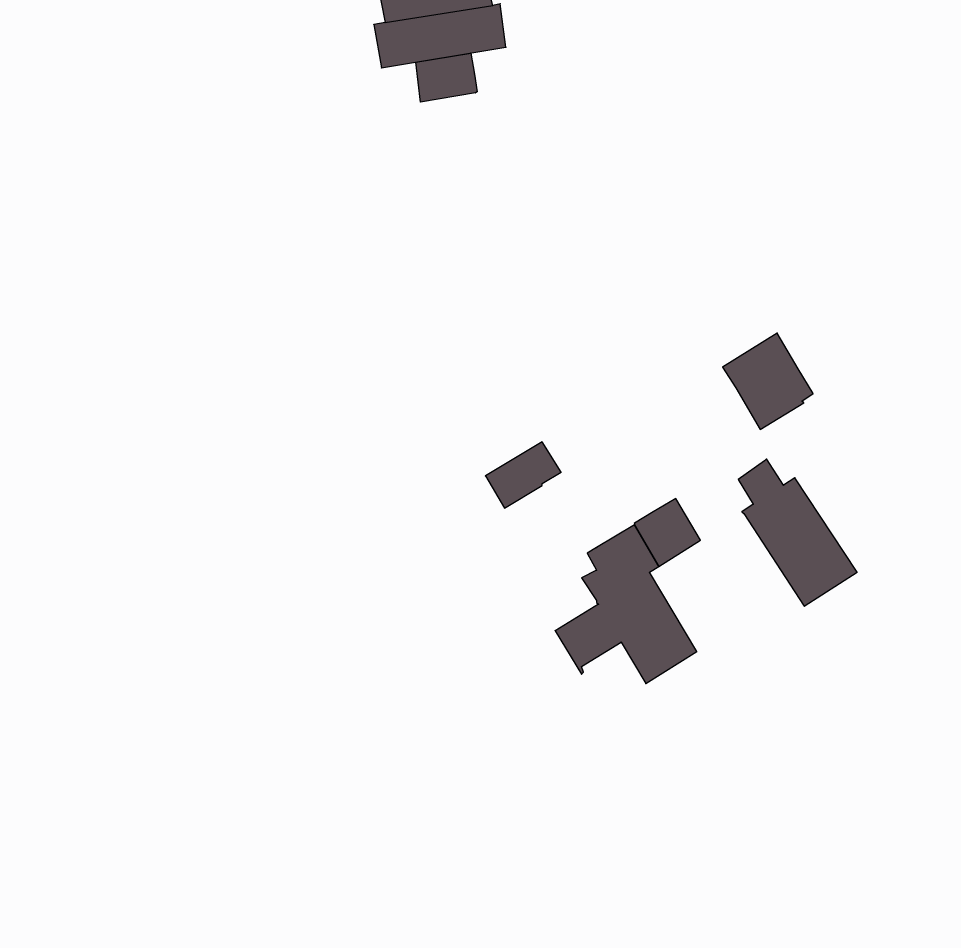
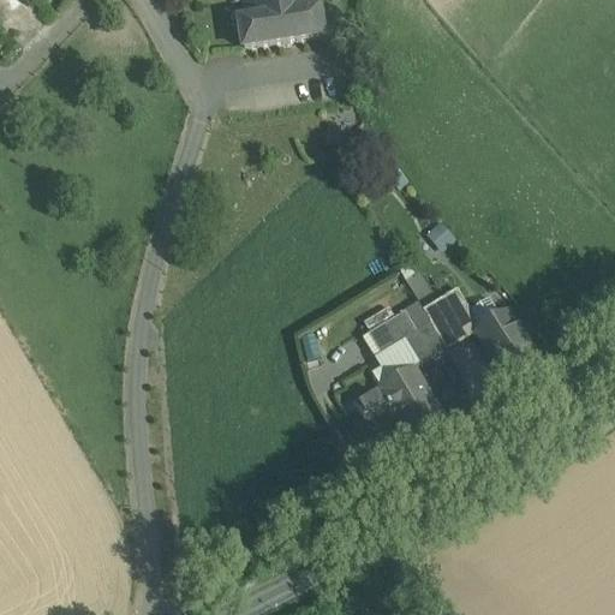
building: [416,53,477,102] -> none
building: [723,333,813,429] -> [422,282,479,344]
building: [485,442,561,508] -> [368,306,416,348]

